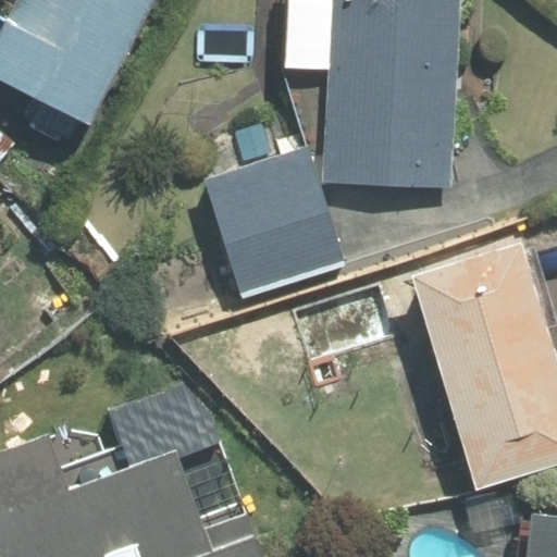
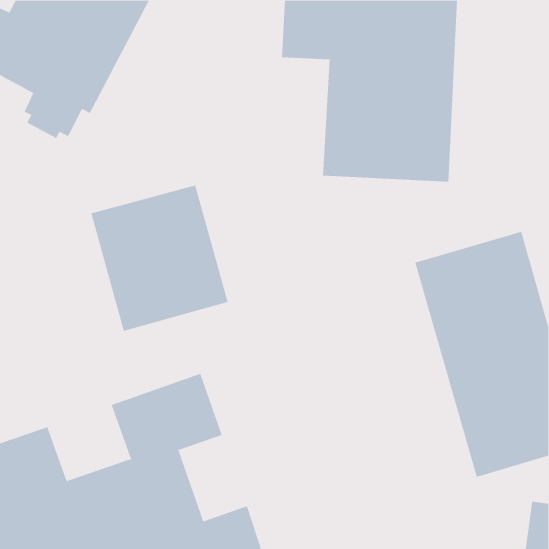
building: [206,148,344,295] -> [91,185,228,331]

